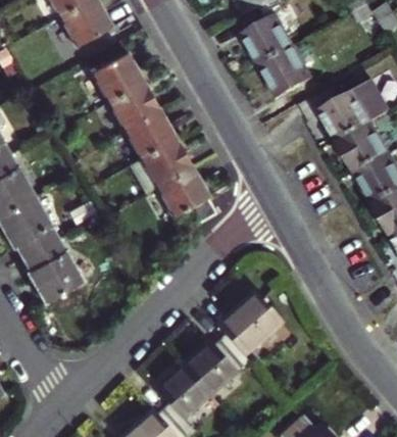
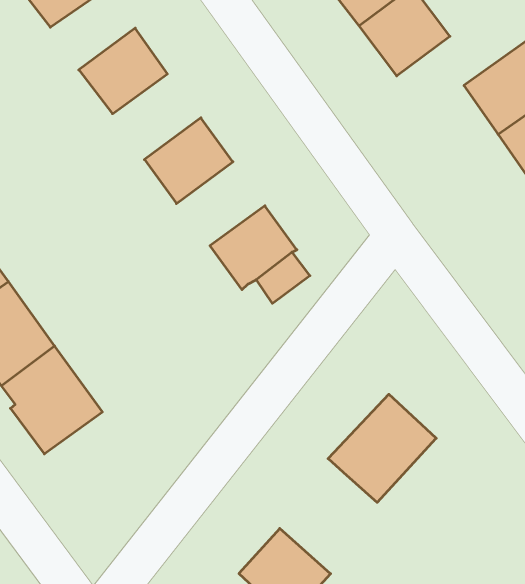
building: [107,82,160,132] -> none
building: [130,139,193,194] -> none
building: [181,333,246,393] -> none

